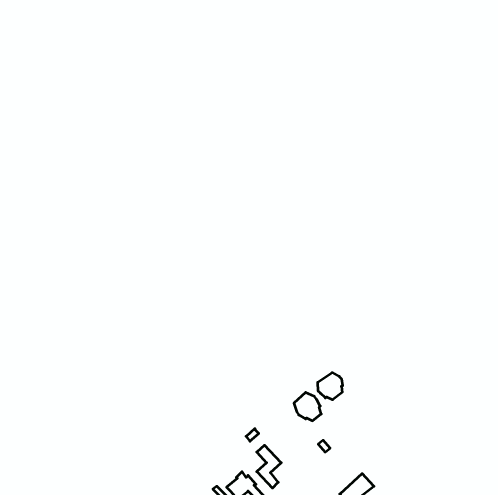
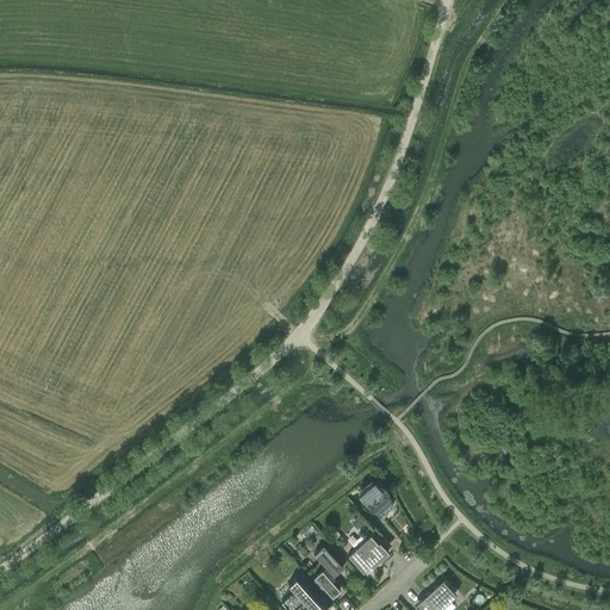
building: [318,373,343,400] -> none
building: none -> [349,533,390,575]

